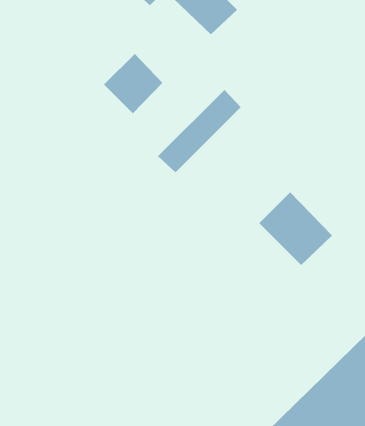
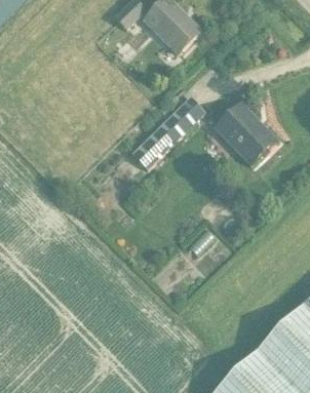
building: [103,53,163,114] -> none
building: [258,191,333,266] -> [216,104,278,166]

